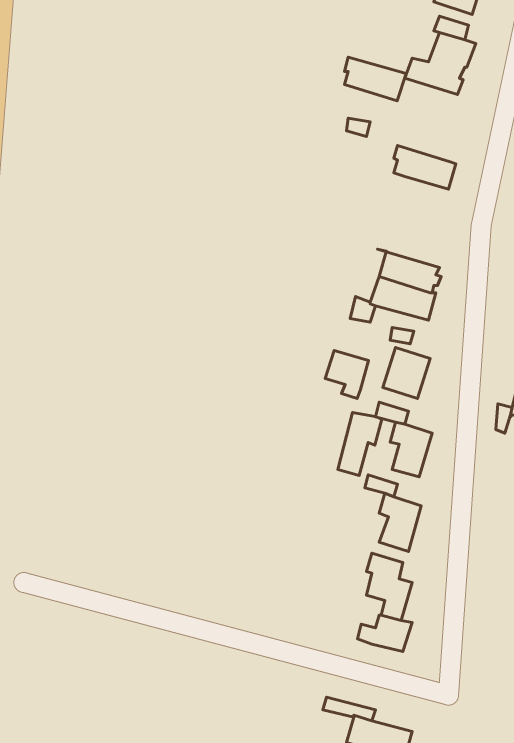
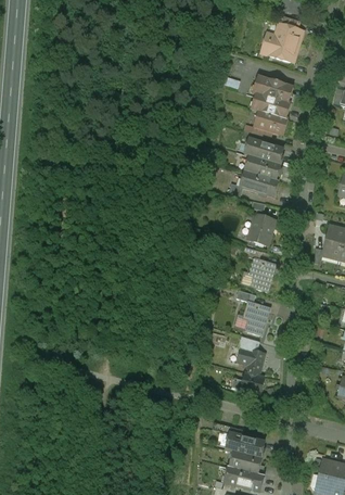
building: [344,57,406,101] -> [255,77,292,103]
building: none -> [255,112,288,136]
building: none -> [243,139,282,166]
building: [325,350,368,399] -> none
building: [338,413,382,475] -> none

